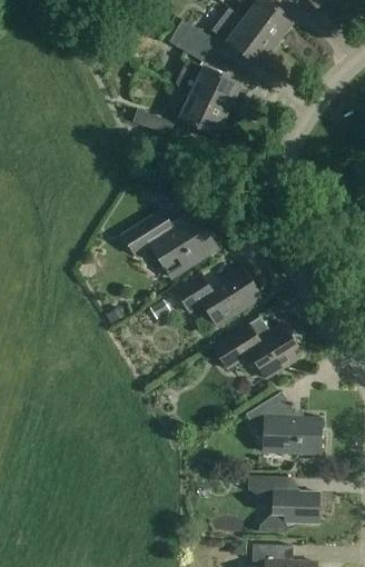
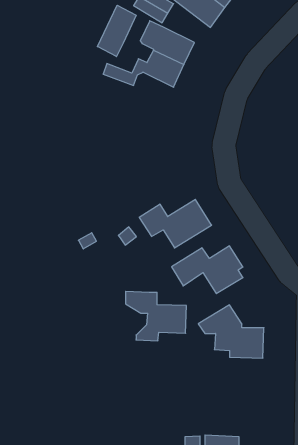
building: none -> [97,5,136,57]
building: [125,210,218,277] -> none
building: [249,475,320,533] -> [126,291,186,341]

